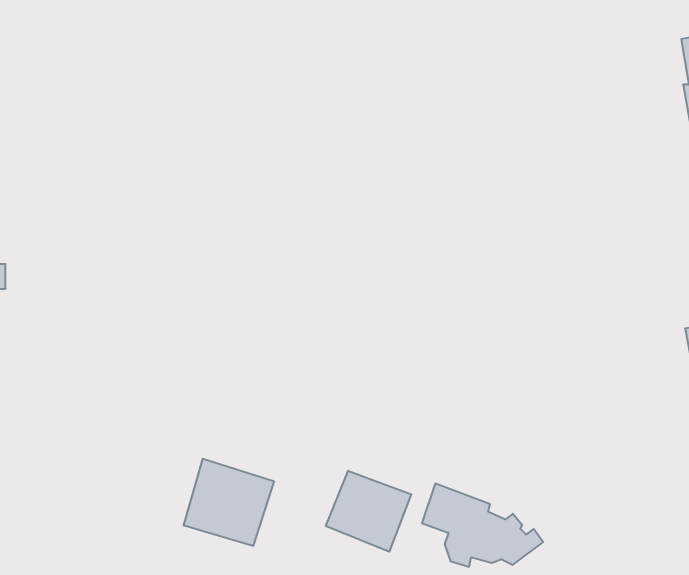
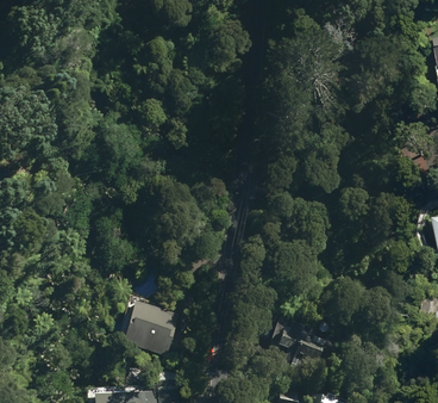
building: [326,471,411,552] -> none

